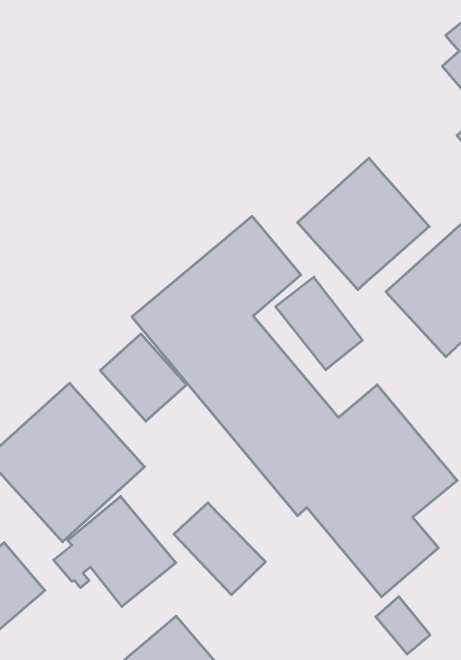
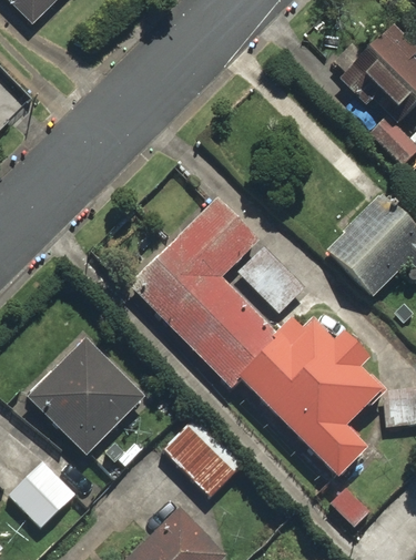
building: [298,158,429,290] -> none
building: [100,334,187,421] -> none
building: [54,496,176,607] -> none

